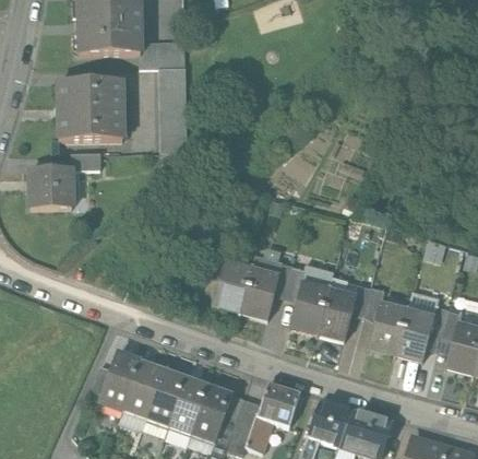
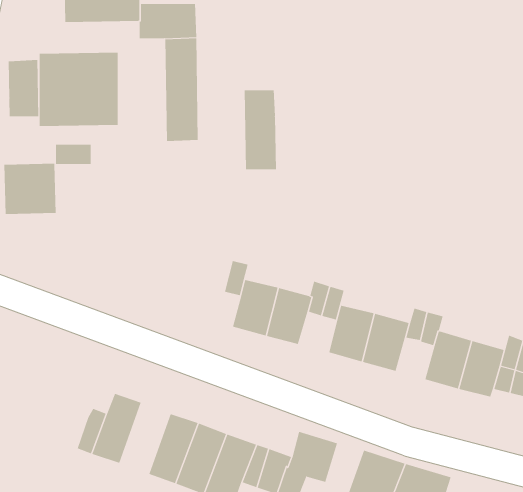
building: none -> [8,59,39,117]
building: none -> [244,89,276,170]
building: [123,361,164,419] -> none

